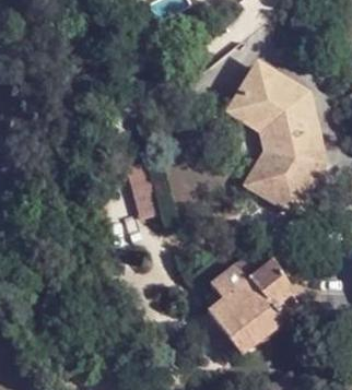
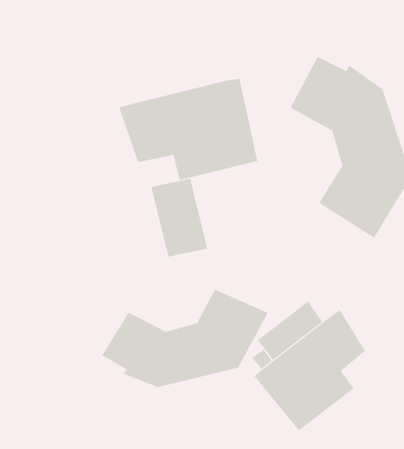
building: none -> [118,78,258,181]
building: none -> [102,289,269,388]

